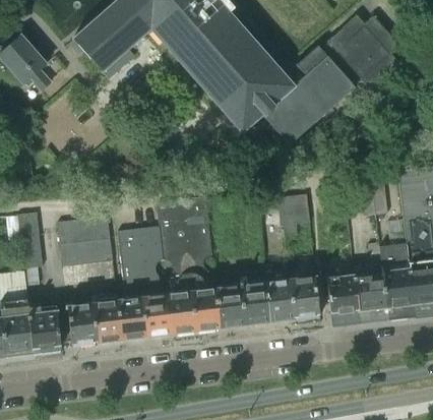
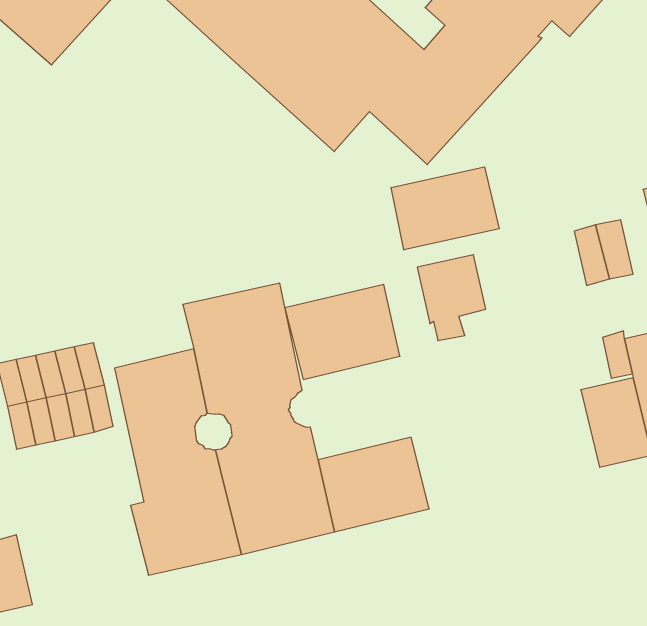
building: none -> [391,167,499,250]
building: [325,269,359,314] -> none
building: [264,278,320,321] -> [285,284,400,379]
building: [67,293,122,345] -> none

